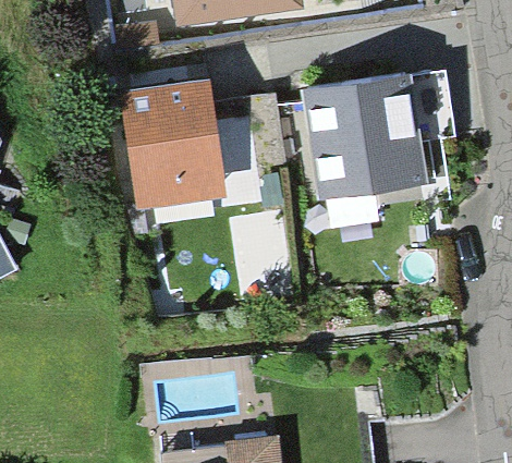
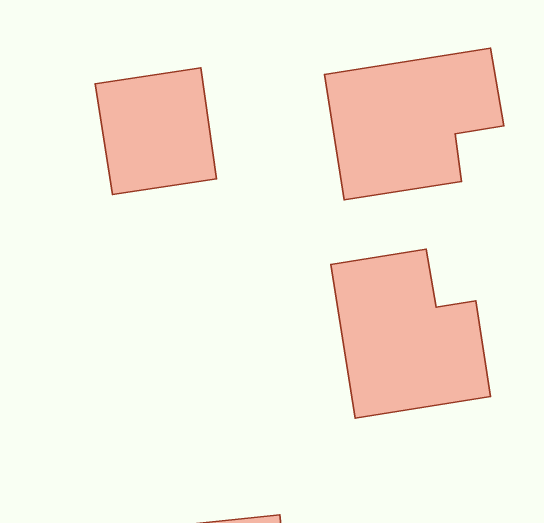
building: none -> [331,249,490,418]

